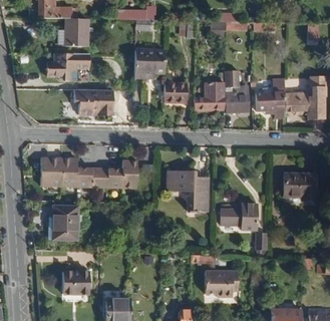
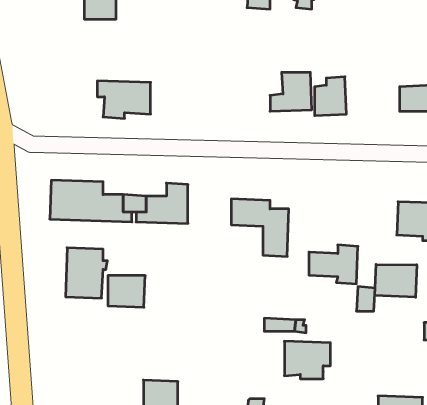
building: [134,48,166,72] -> none
building: [47,52,90,80] -> none
building: [257,77,286,117] -> none
building: [164,81,188,101] -> none
building: none -> [375,264,417,297]
building: [64,271,90,293] -> [108,276,145,307]

